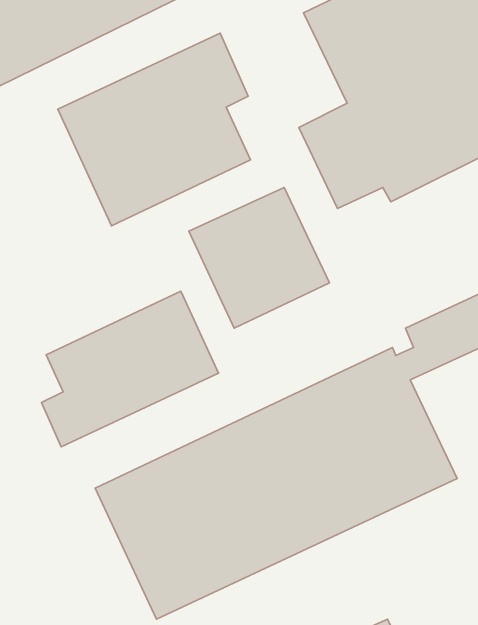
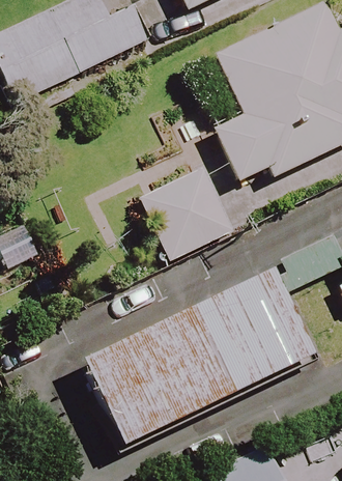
building: [58,33,250,226] -> none
building: [42,291,219,447] -> none

